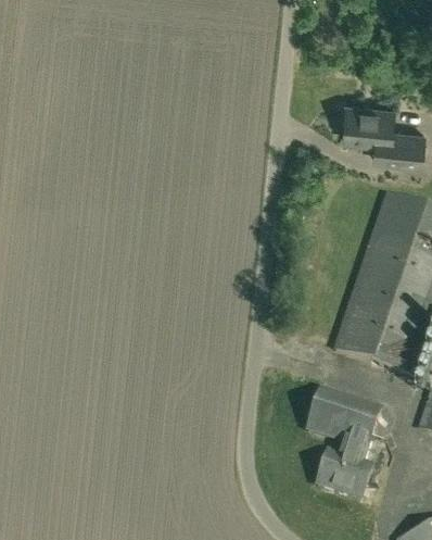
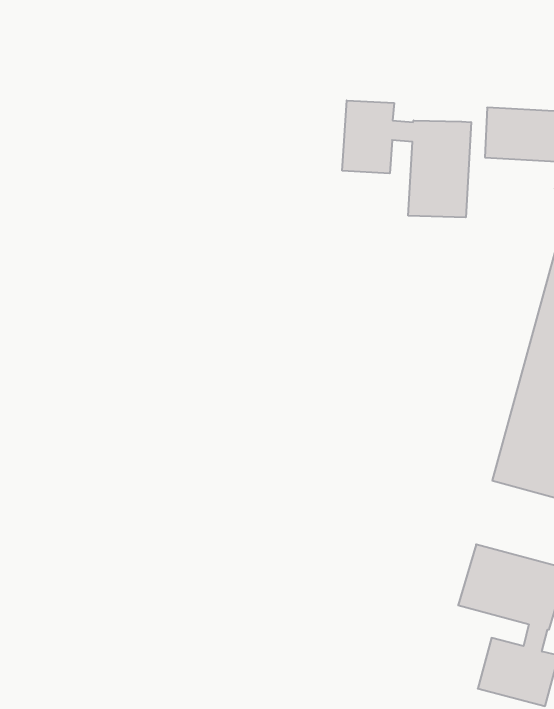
building: none -> [342,100,471,217]

